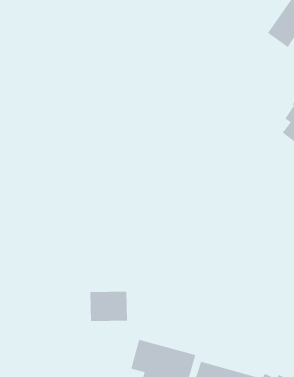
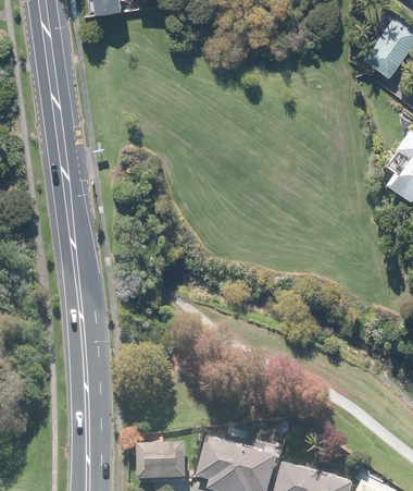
building: [89,291,128,322] -> [136,442,184,480]

